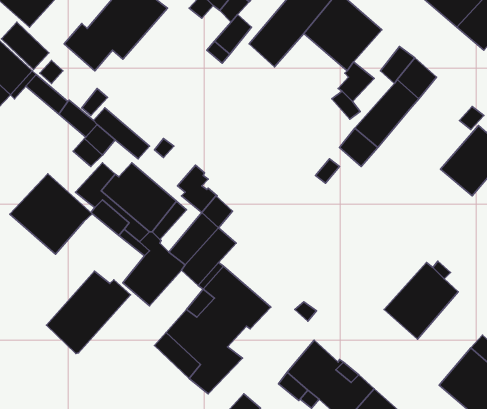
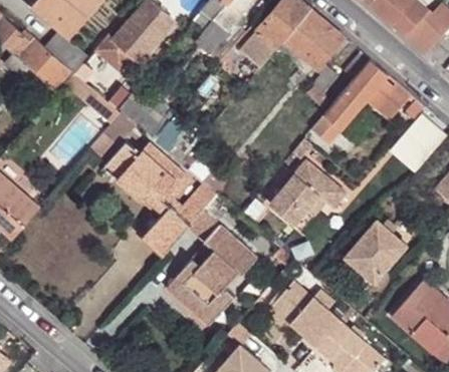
building: none -> [367,75,411,120]
building: [10,174,92,254] -> none
building: none -> [267,160,343,231]
building: [47,271,131,353] -> none

